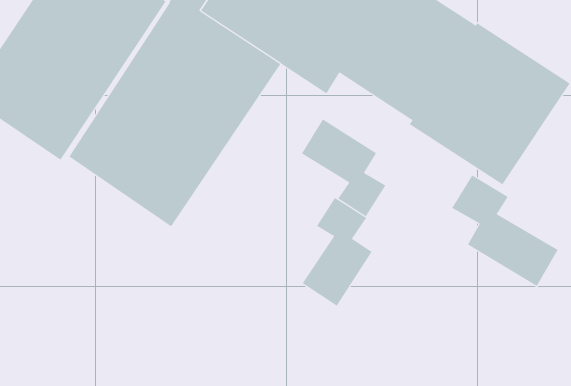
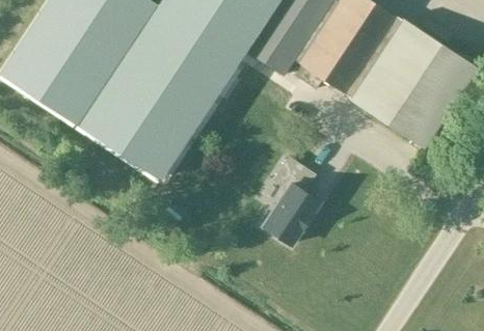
building: [301,118,386,217] -> none
building: [452,174,558,287] -> none

